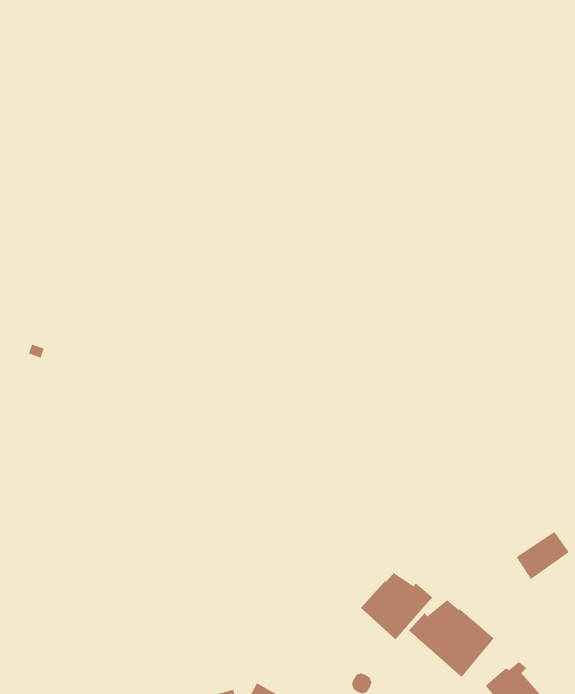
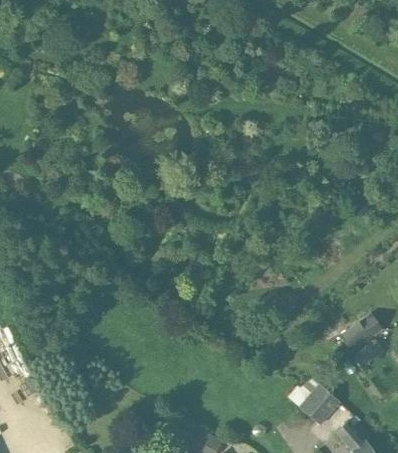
building: none -> [338,313,380,350]
building: [360,572,433,640] -> none

